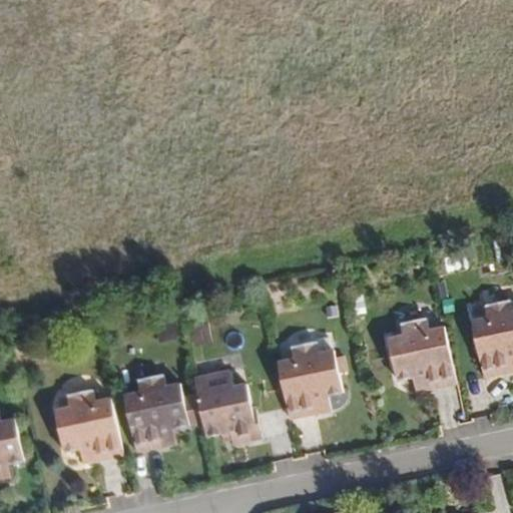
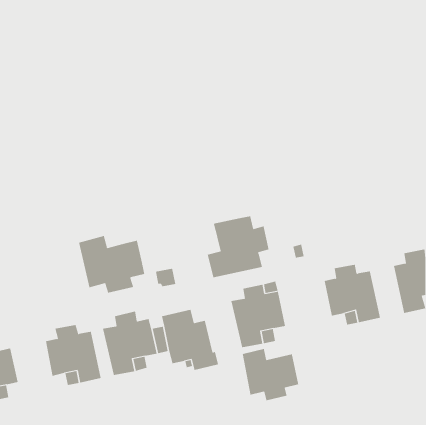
building: none -> [207,215,269,278]
building: none -> [79,235,145,294]
building: none -> [242,348,299,401]

